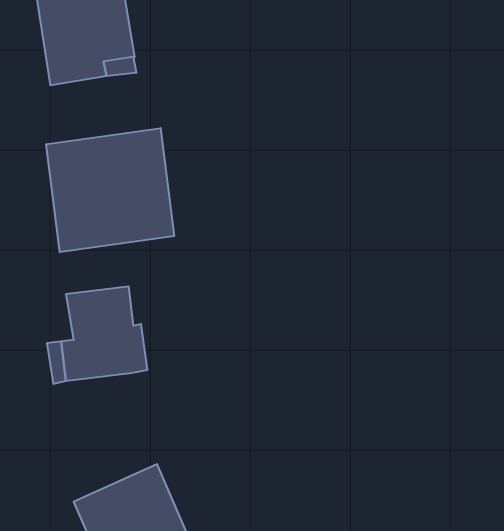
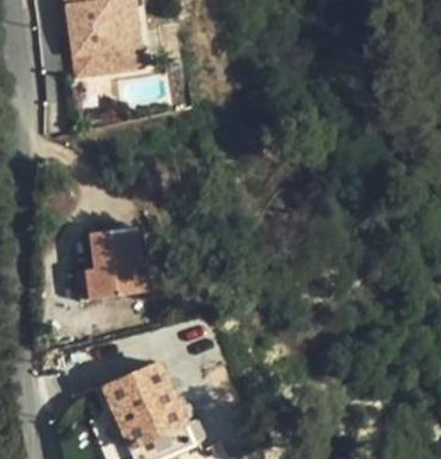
building: [46,128,174,252] -> none

